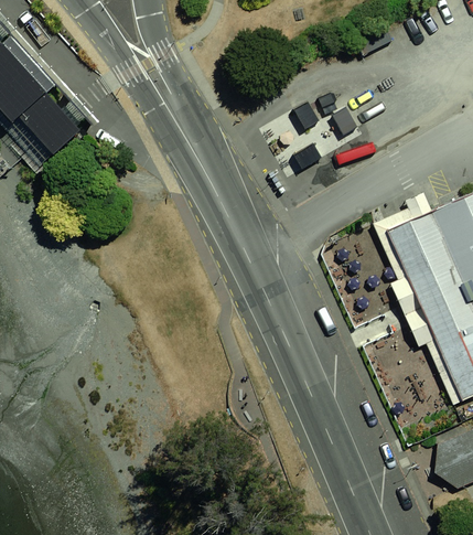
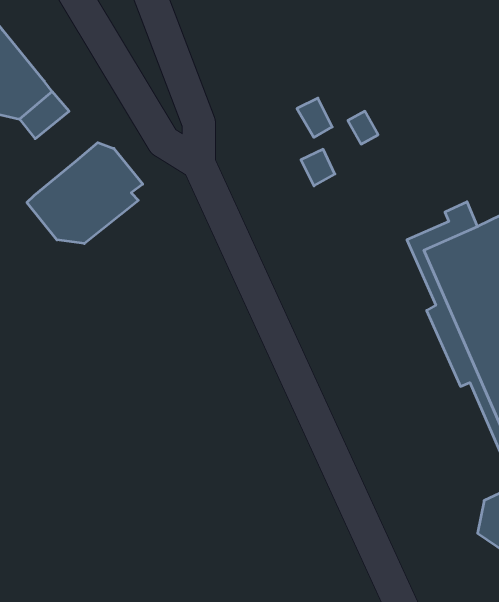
building: none -> [27,143,143,244]

